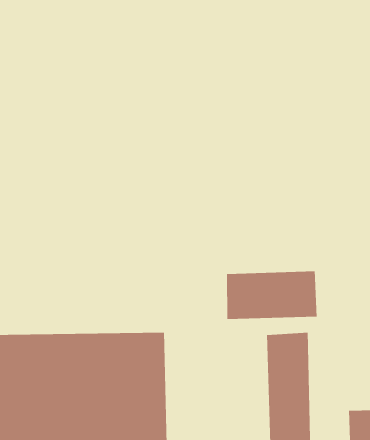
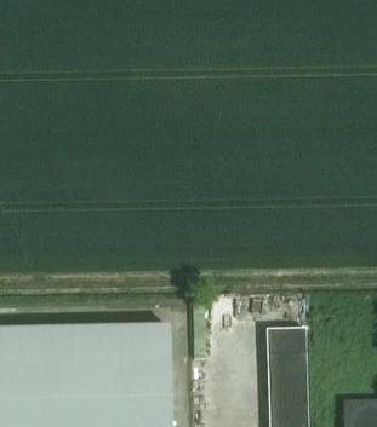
building: [226,271,317,320] -> none

